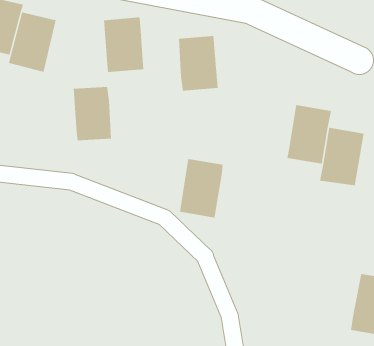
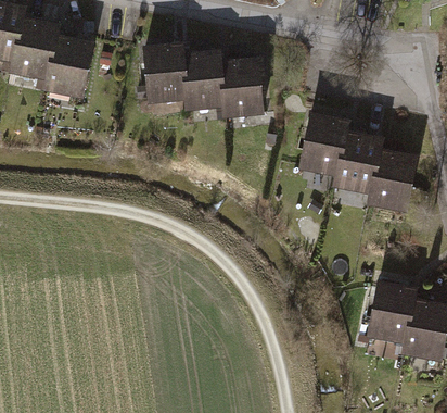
building: [73,86,112,141] -> [182,46,224,103]
building: [179,158,224,218] -> [299,113,346,176]
building: none -> [366,288,416,354]

